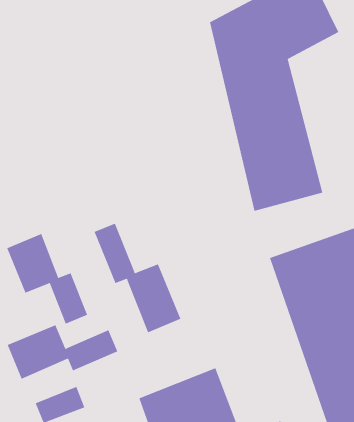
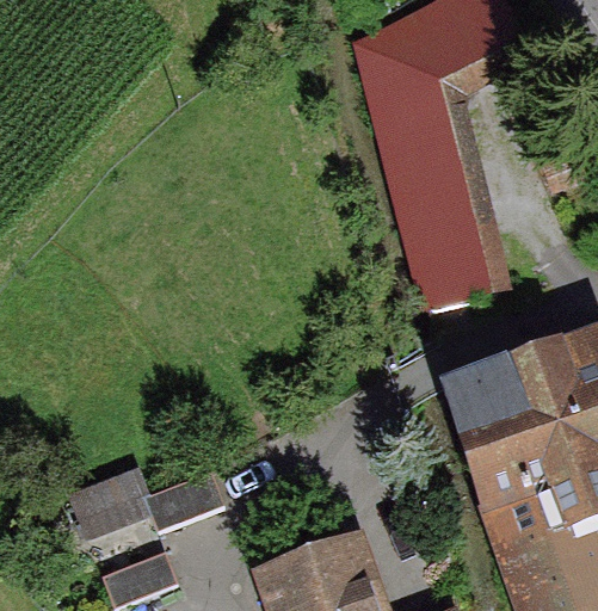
building: [94,223,181,333] -> none
building: [6,233,88,324] -> none

